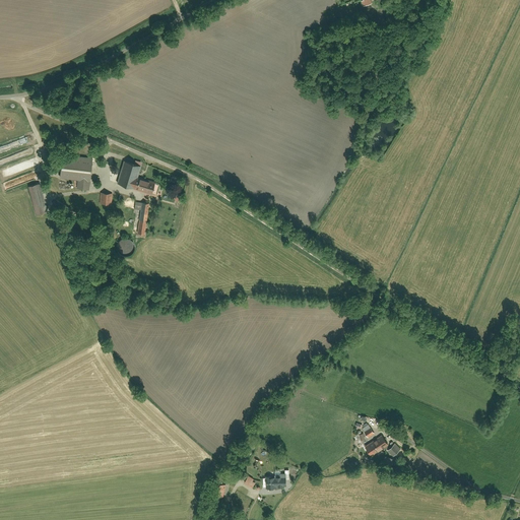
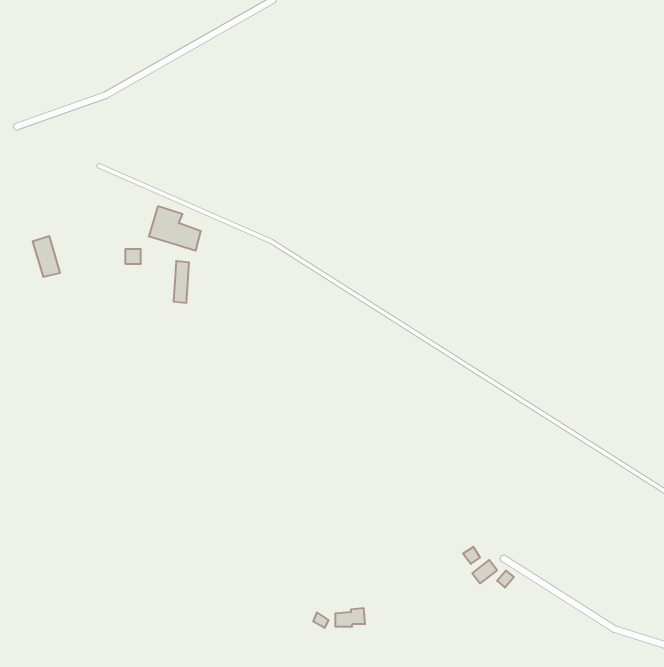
building: [61,156,91,190] -> none

